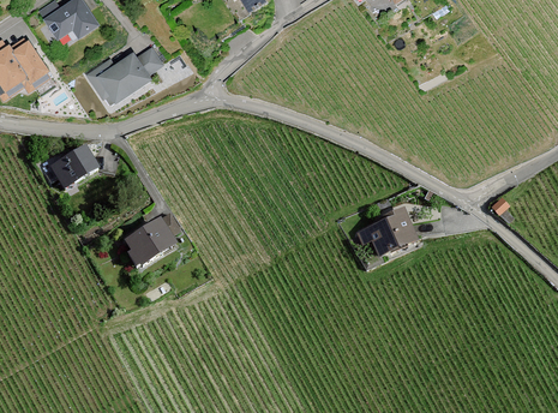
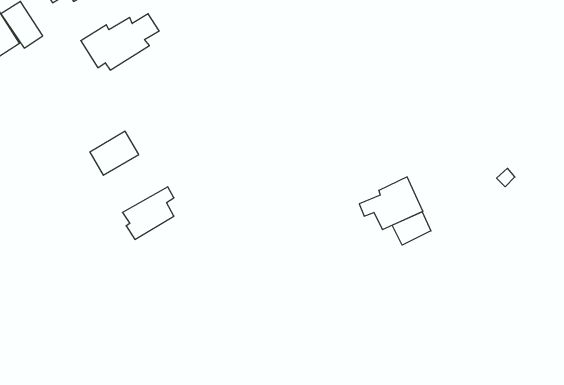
building: [49,146,97,190] -> [90,131,139,175]
building: none -> [392,212,431,245]

